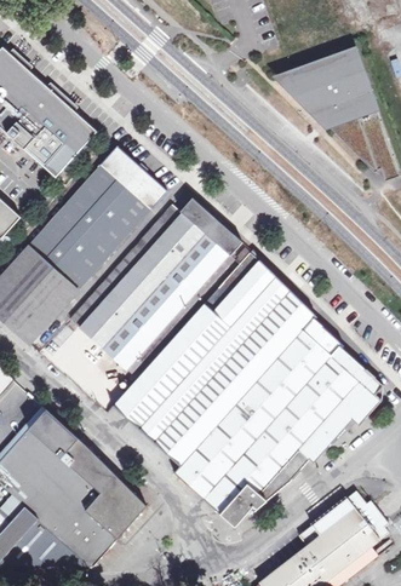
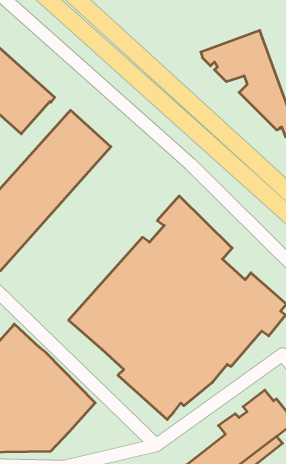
building: [71,197,242,374] -> none

